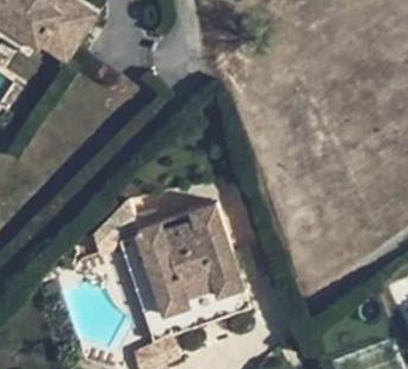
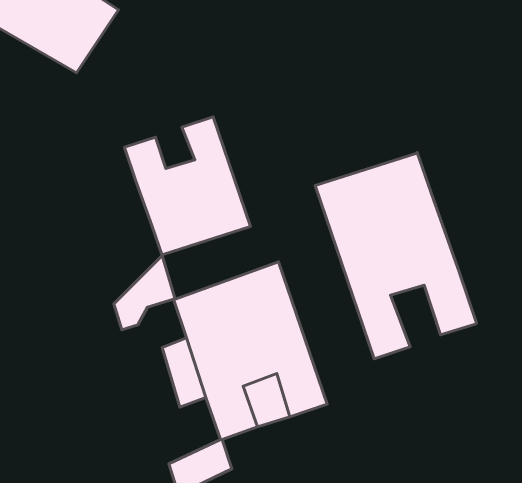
building: none -> [125,117,250,255]
building: none -> [315,152,476,359]

